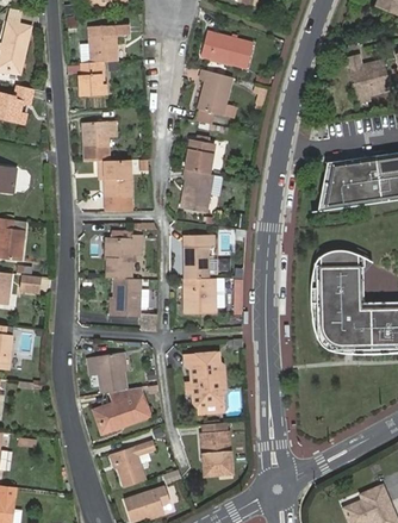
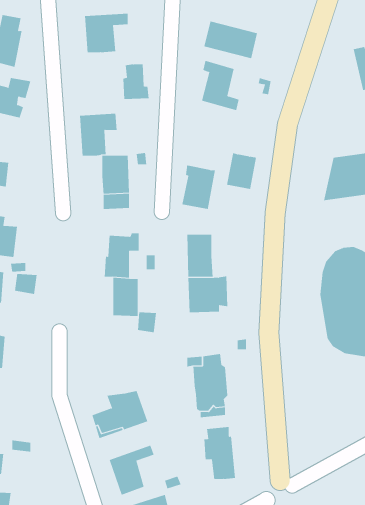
building: [79,62,105,96] -> [122,64,149,100]
building: [186,139,216,175] -> [226,153,257,190]
building: [86,354,126,394] -> none

